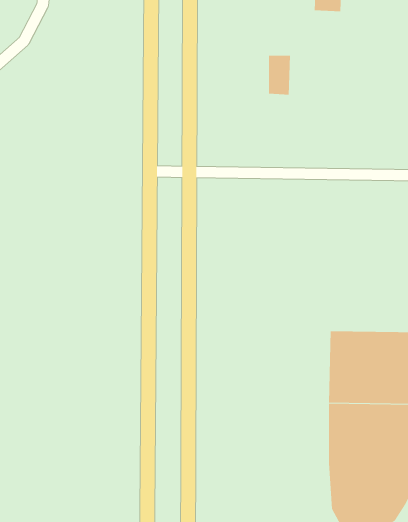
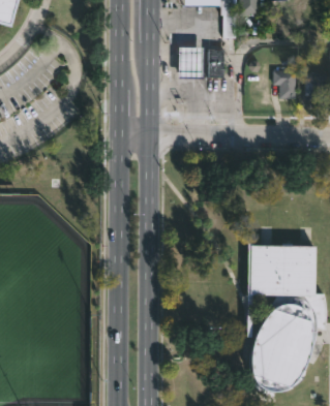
building: none -> [174,46,200,79]
building: none -> [274,71,297,100]

